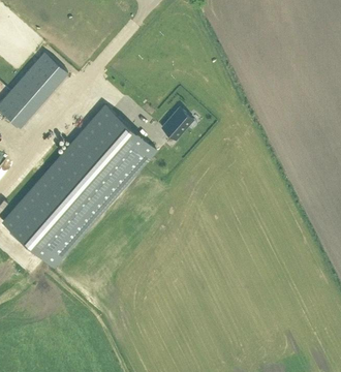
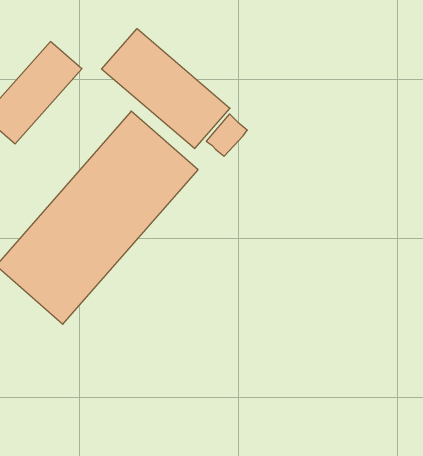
building: none -> [102,29,230,149]

